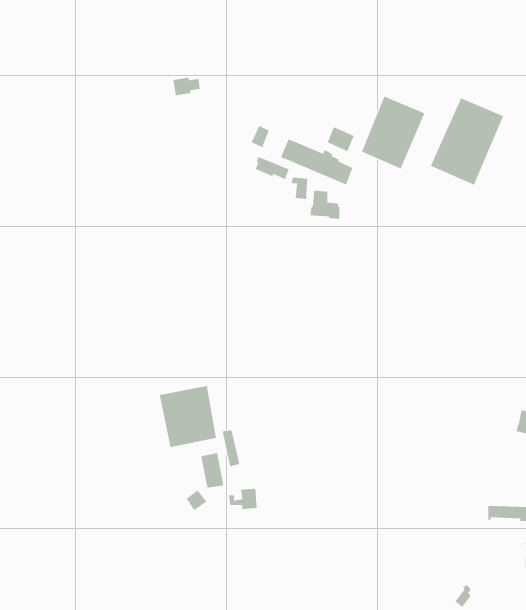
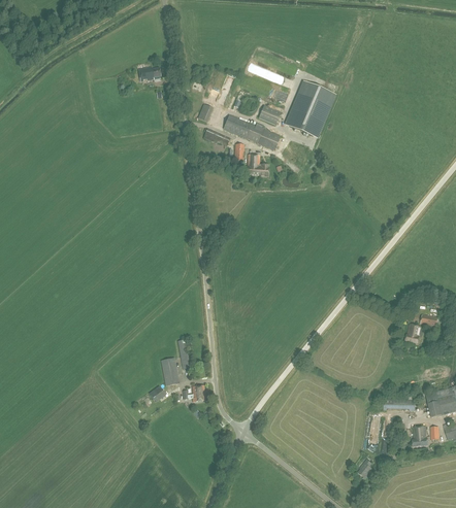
building: [430,98,504,185] -> none
building: [159,385,216,448] -> none

